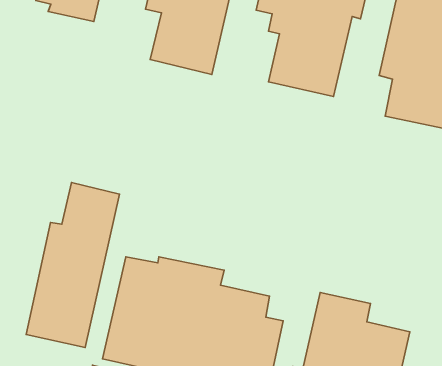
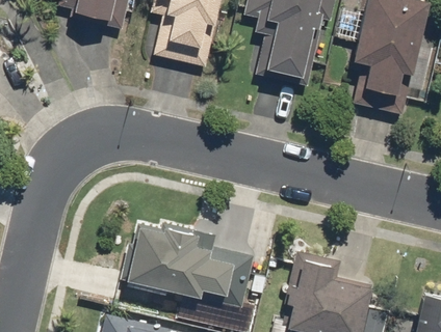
building: [26,183,119,347] -> none

